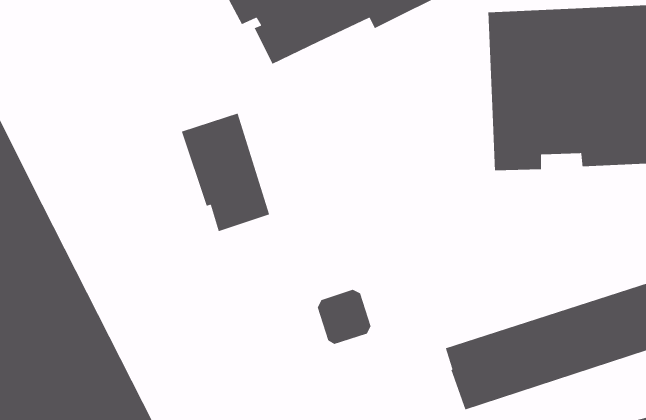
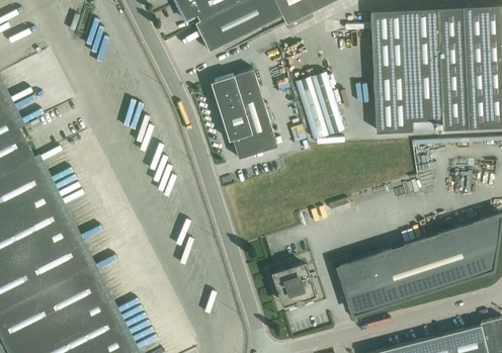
building: none -> [295,73,343,140]
building: [181,113,270,232] -> [210,69,277,160]
building: [317,289,371,345] -> [272,263,314,305]

